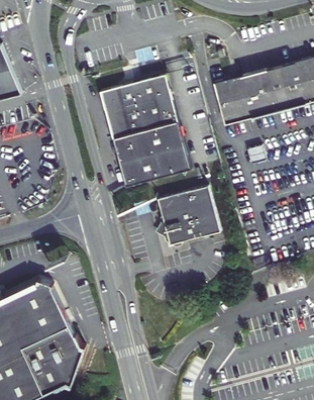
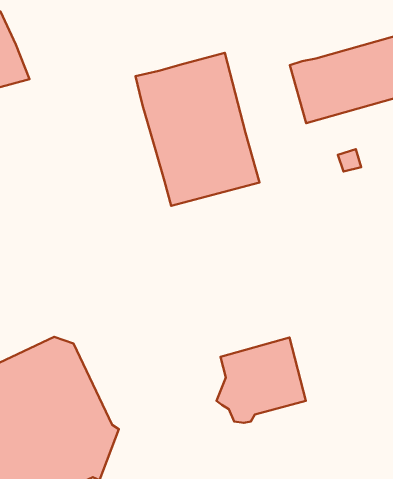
building: [154,185,220,247] -> [216,337,306,423]

